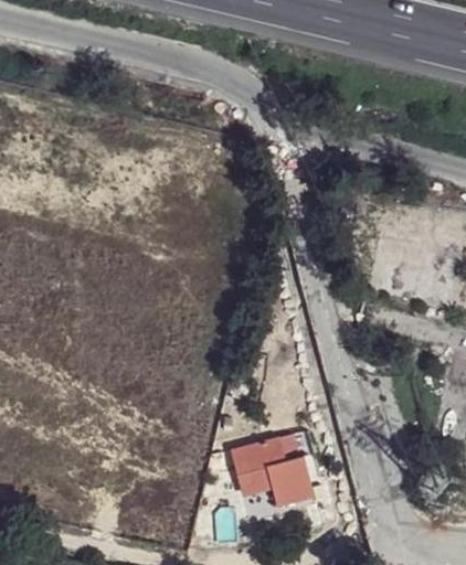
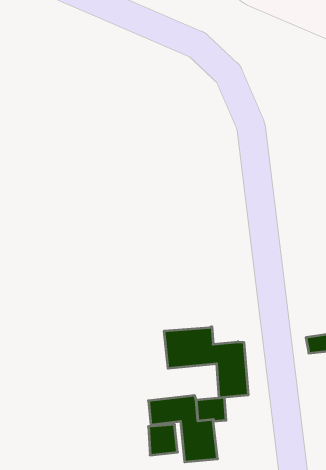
building: none -> [164,327,248,398]

